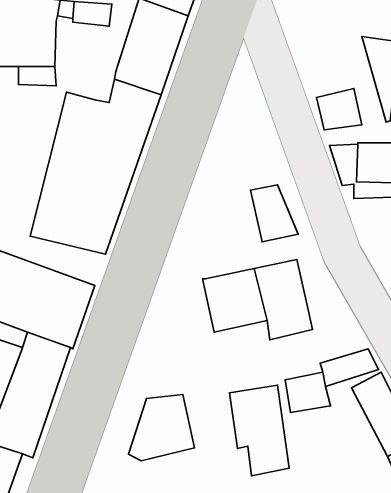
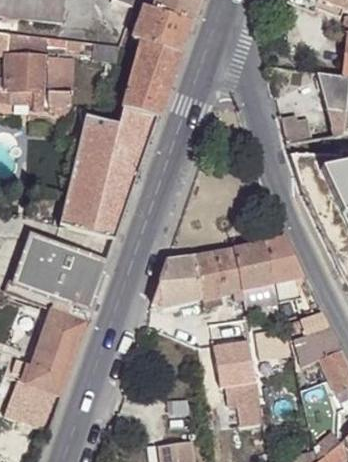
building: [250,185,298,242] -> [264,238,301,282]
building: [128,395,194,461] -> [149,257,200,308]

